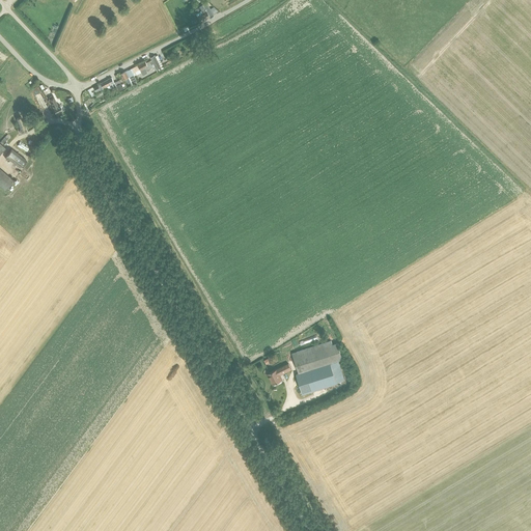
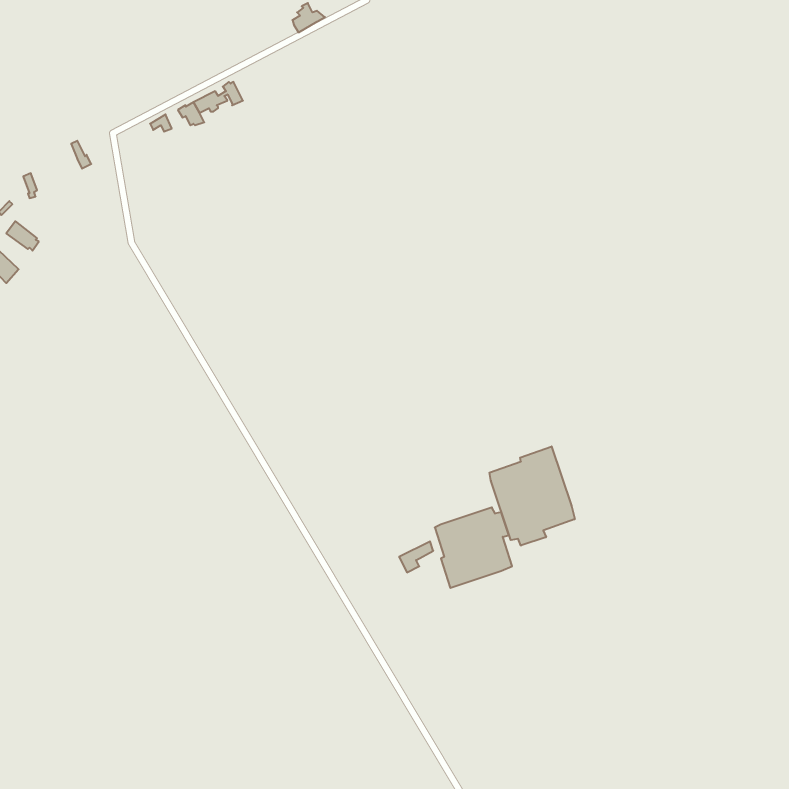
building: none -> [489,446,575,546]

